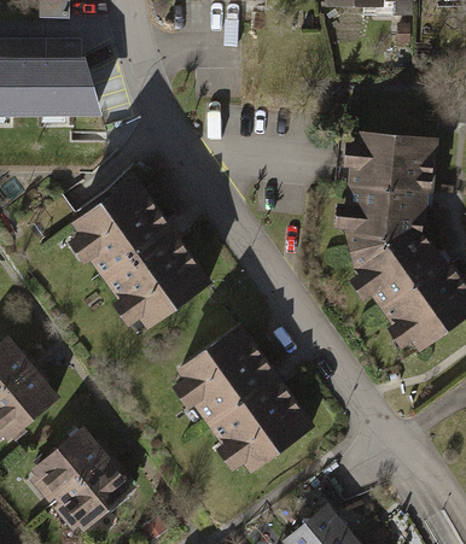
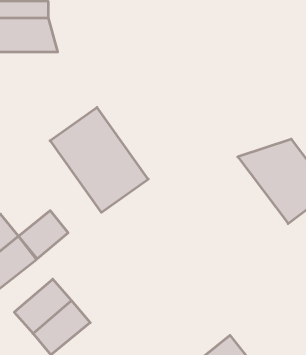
building: [344,136,425,257] -> none
building: [176,329,313,474] -> none
building: none -> [18,211,68,259]

